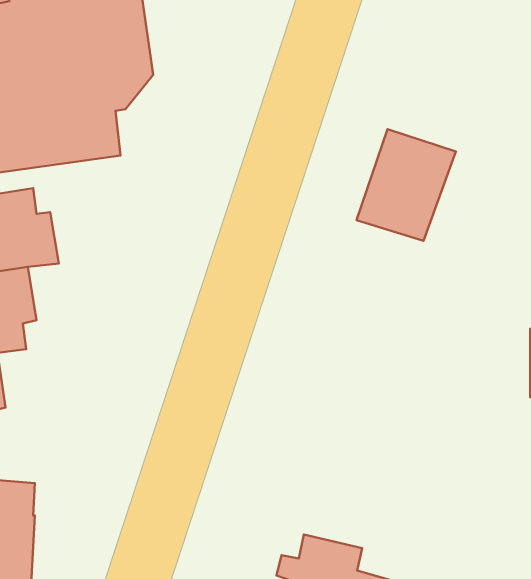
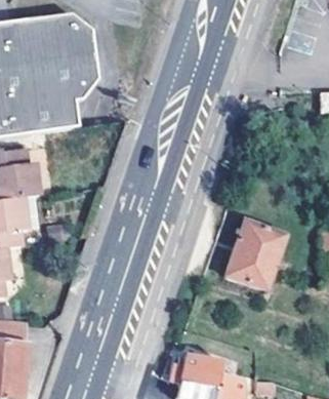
building: [357,129,456,241] -> [225,221,285,287]

